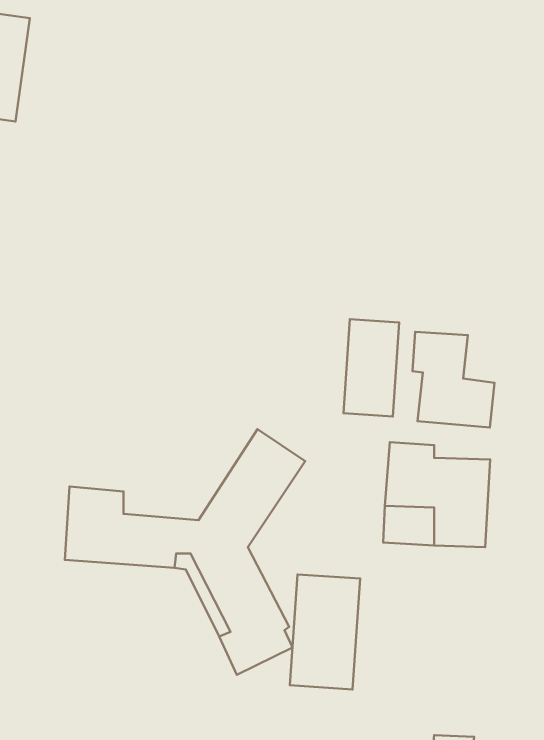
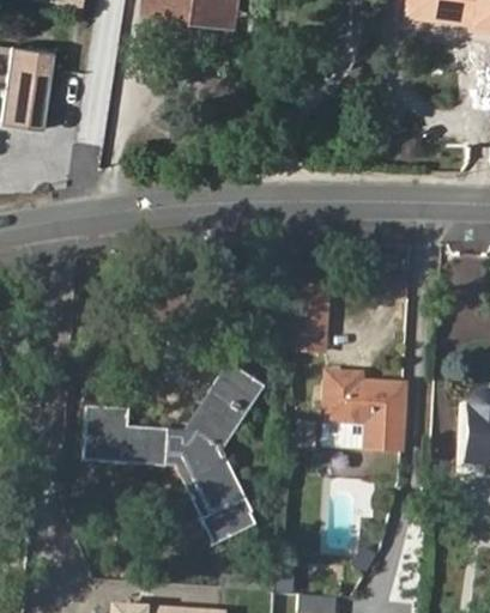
building: [412,332,495,427] -> none
building: [290,574,360,690] -> none

